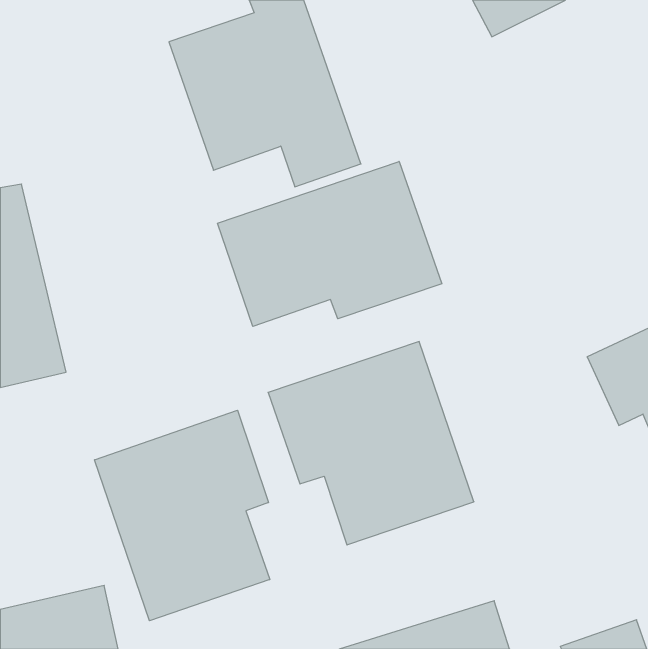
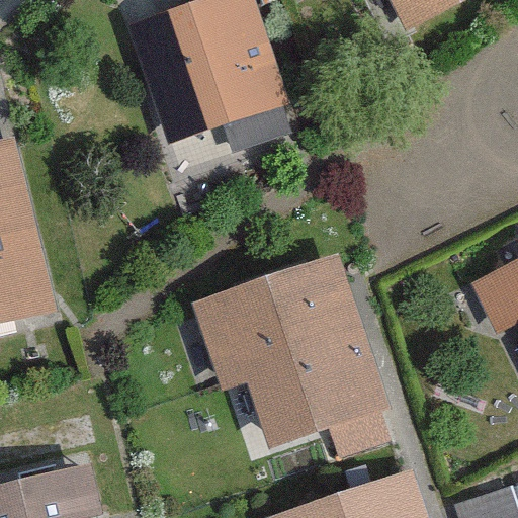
building: [218,161,442,326] -> none
building: [95,410,270,621] -> none

